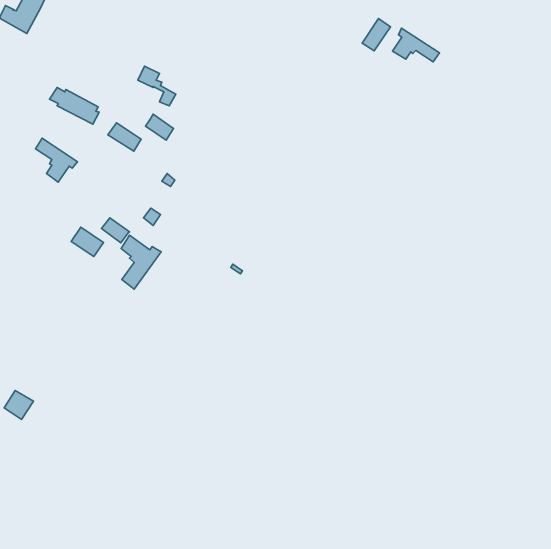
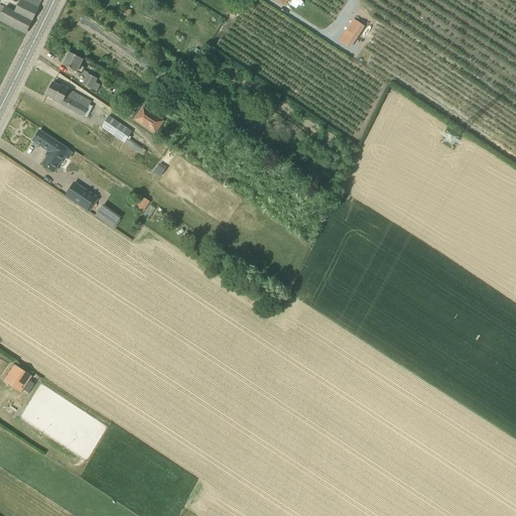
building: [393,28,439,62] -> none
building: [138,66,176,106] -> [62,50,98,88]
building: [71,227,103,256] -> [66,181,96,209]
building: [121,235,161,289] -> none

